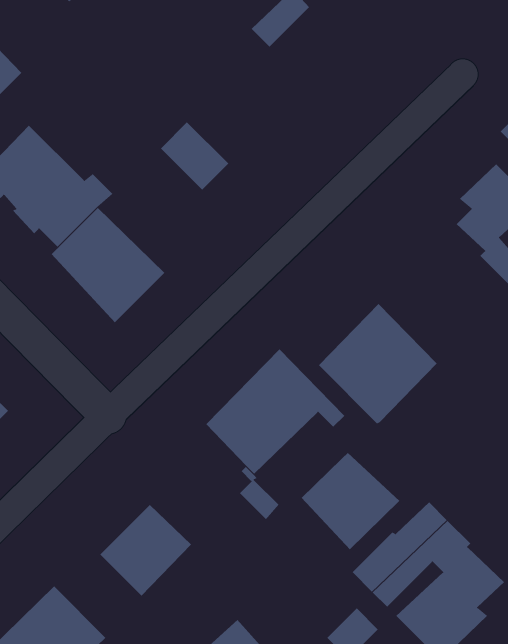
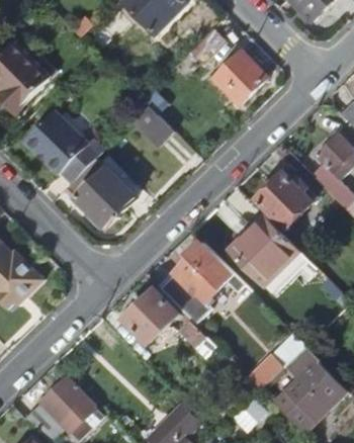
building: none -> [212,51,264,103]
building: none -> [256,170,312,227]
building: [301,452,400,550] -> none
building: [99,504,192,597] -> [122,289,178,345]

